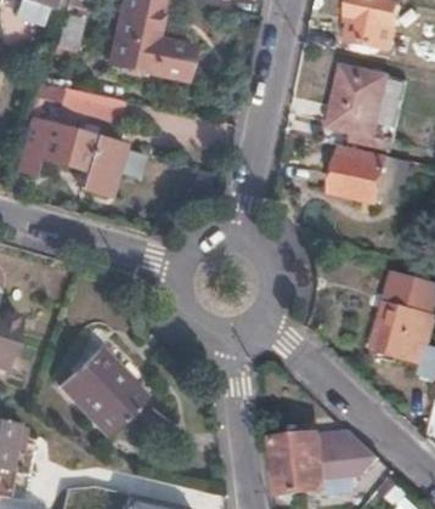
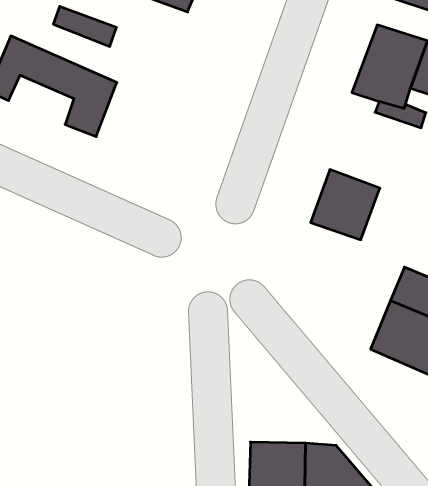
building: [329,145,385,202] -> [311,170,380,240]
building: [64,351,149,439] -> none

